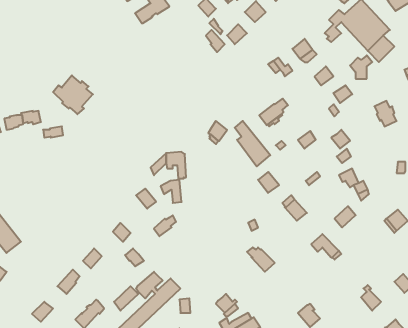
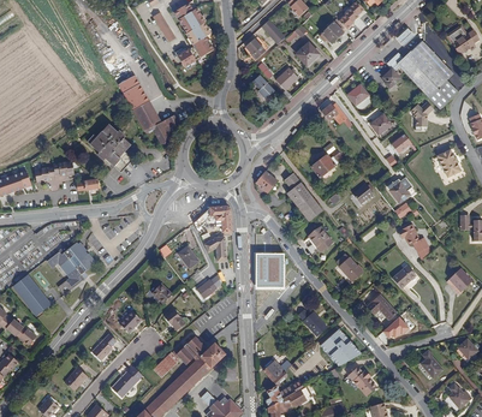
building: none -> [119,72,177,143]
building: none -> [46,242,94,287]
building: none -> [255,252,285,287]
building: none -> [321,328,362,365]

